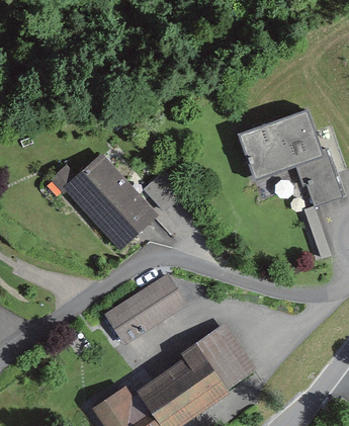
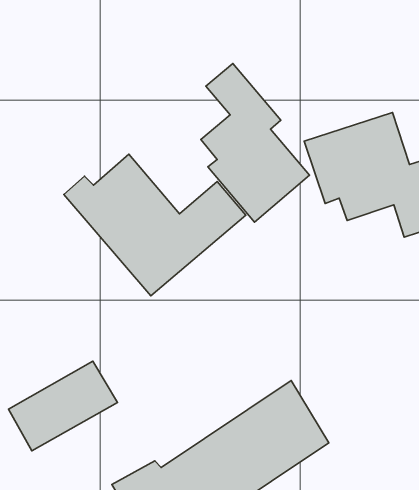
building: none -> [201,64,310,222]
building: [107,271,192,341] -> [8,361,118,451]

